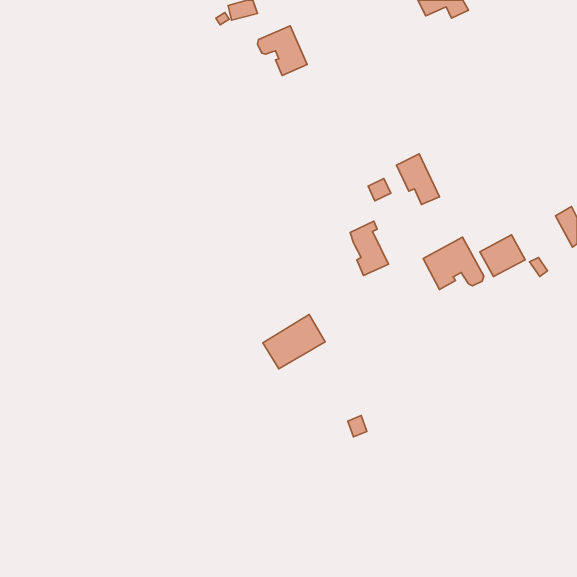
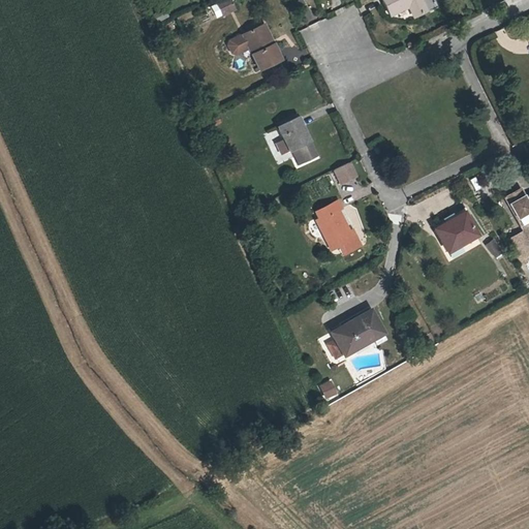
building: [397,154,439,205] -> [280,119,319,165]
building: [423,237,484,290] -> none
building: [263,315,325,369] -> [326,305,383,354]

